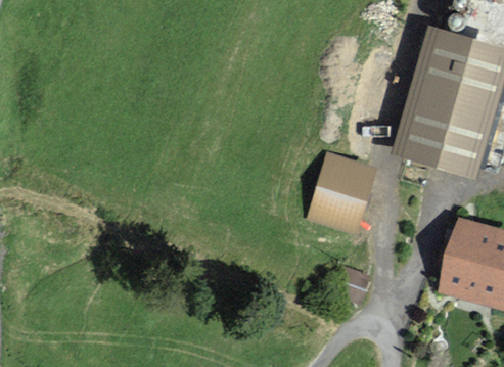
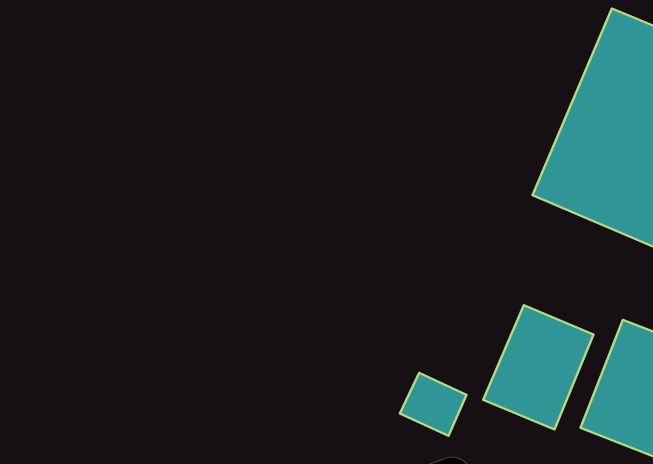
building: [309,153,372,228] -> [483,305,594,430]

